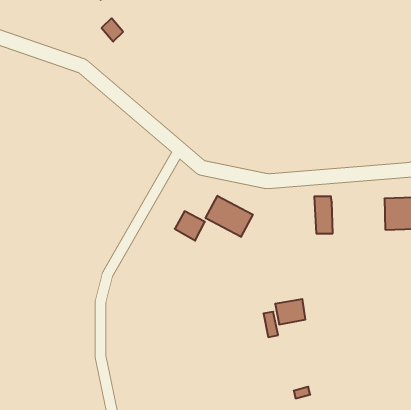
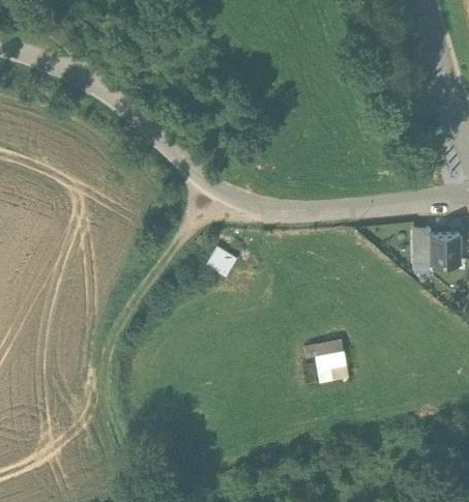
building: [206,196,253,237] -> none
building: [314,196,333,233] -> [411,227,431,266]

